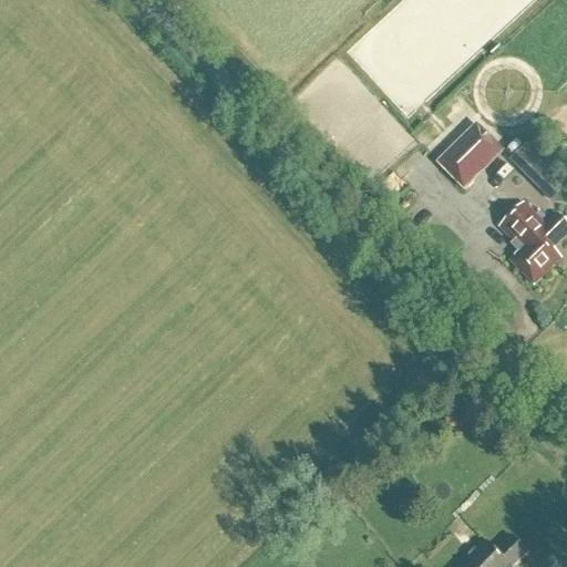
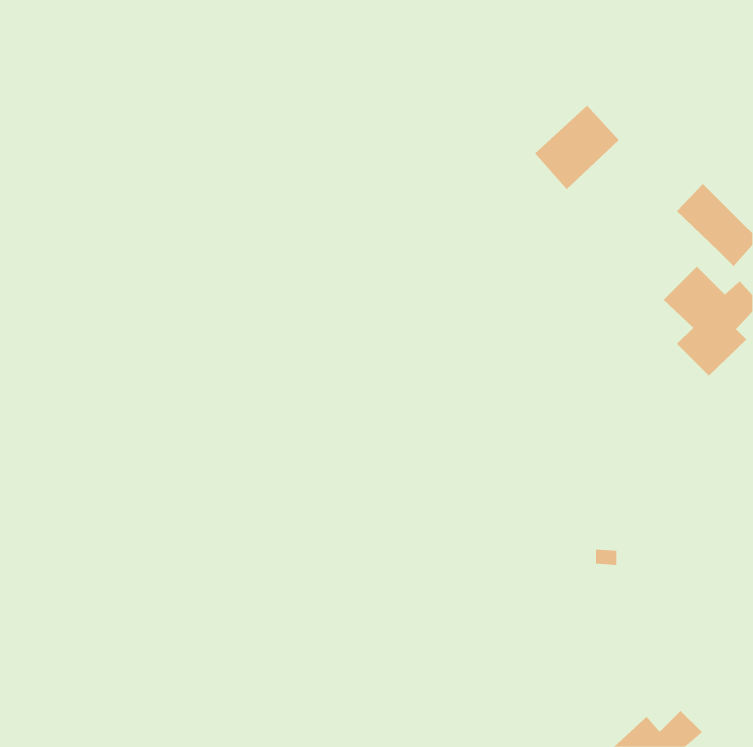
building: [437,123,502,187] -> [534,105,620,190]

